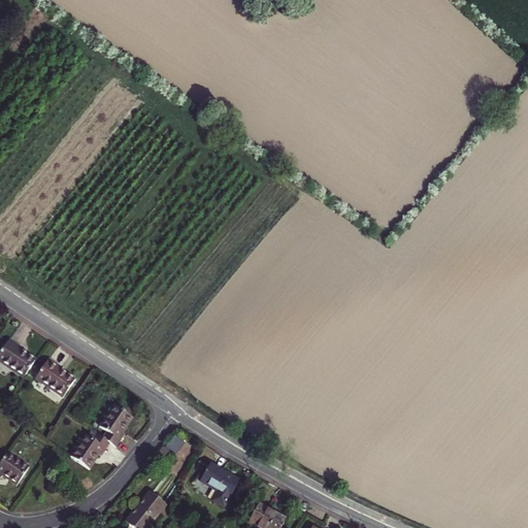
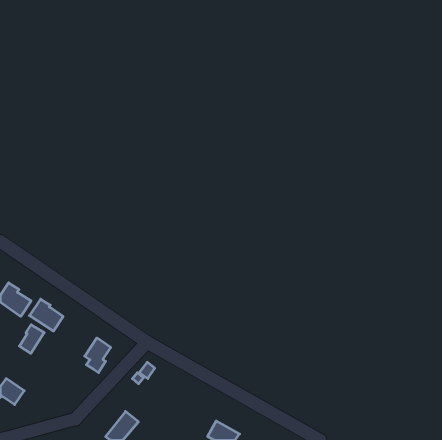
building: none -> [19,325,44,353]
building: [72,430,111,465] -> none
building: [200,463,238,505] -> none

